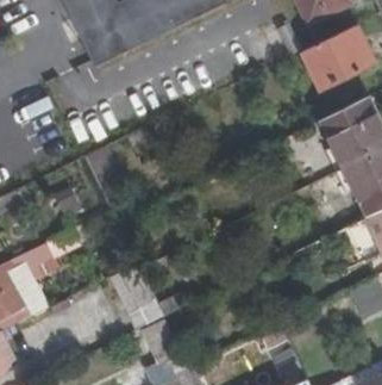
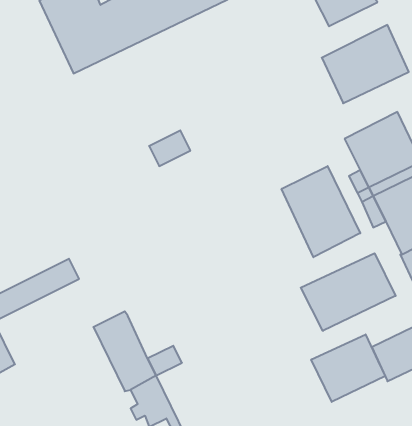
building: none -> [282,166,360,257]
building: none -> [301,253,396,331]
building: none -> [311,334,385,402]

